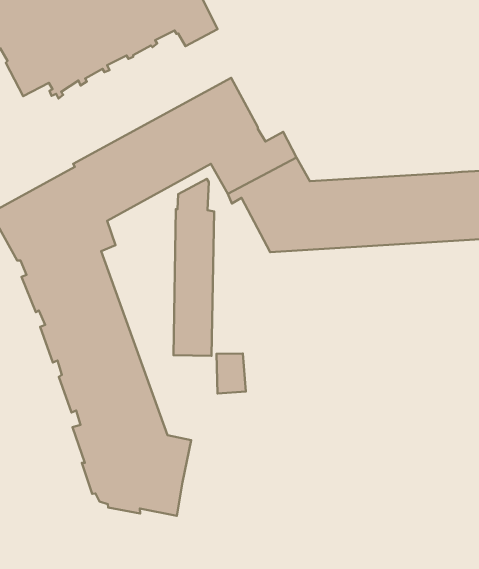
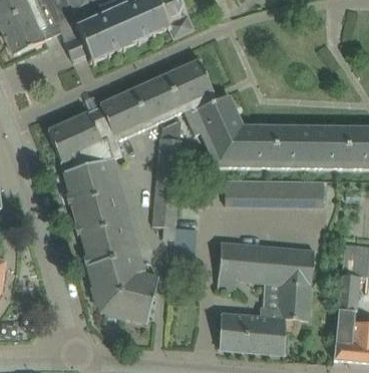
building: none -> [225,178,327,208]
building: none -> [217,242,314,354]

